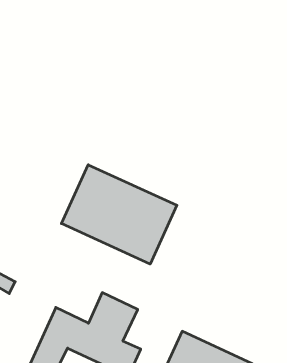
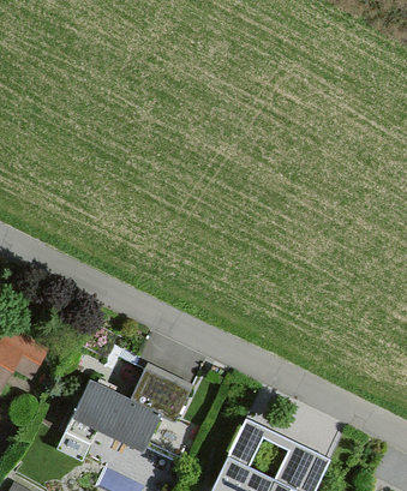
building: [61,165,177,264] -> none

